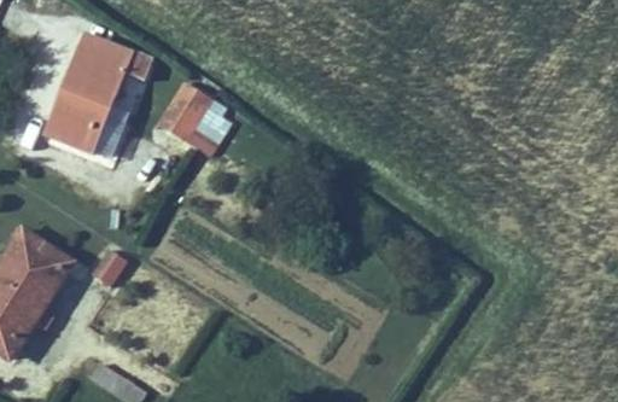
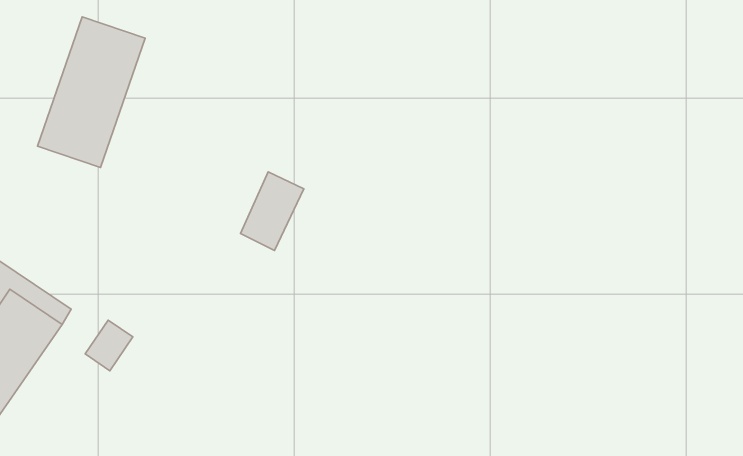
building: [168,76,217,138] -> [241,172,304,250]

